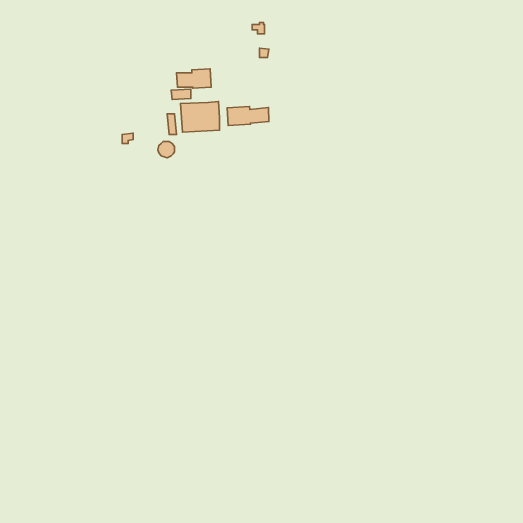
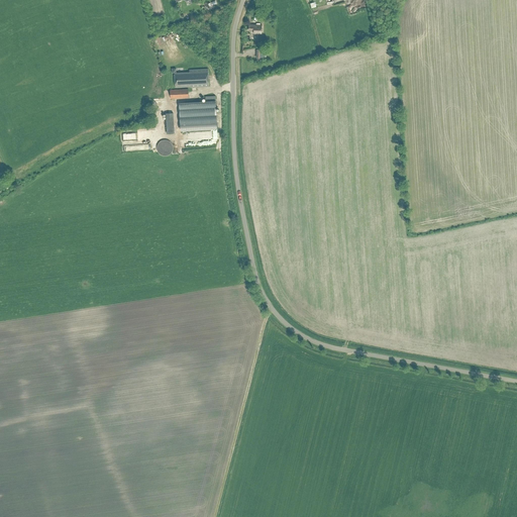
building: [227,106,269,126] -> none

